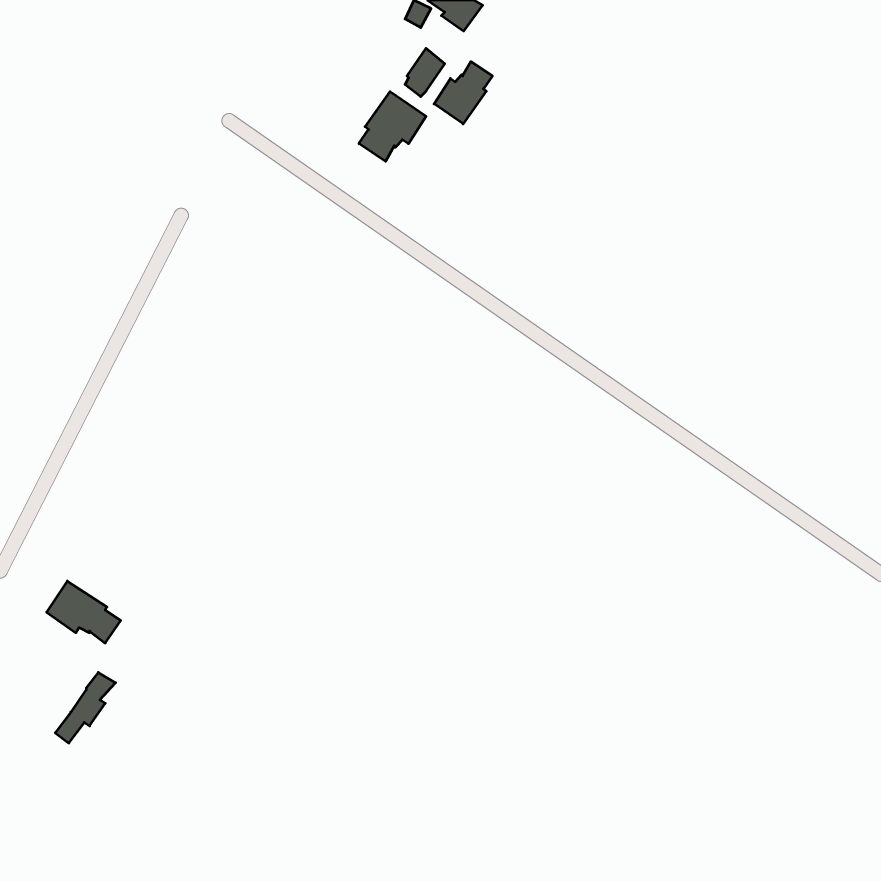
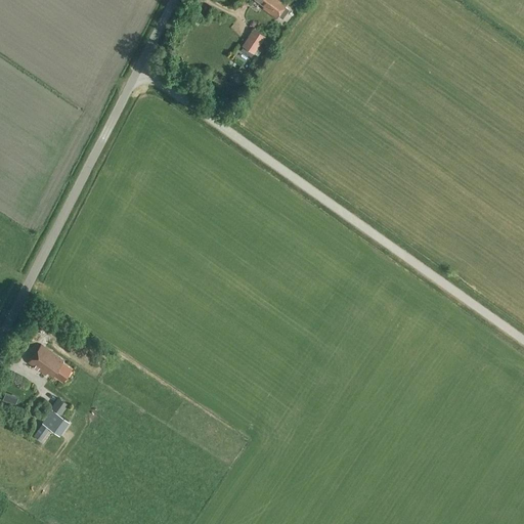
building: [434,62,492,124] -> none
building: [359,92,426,161] -> none

